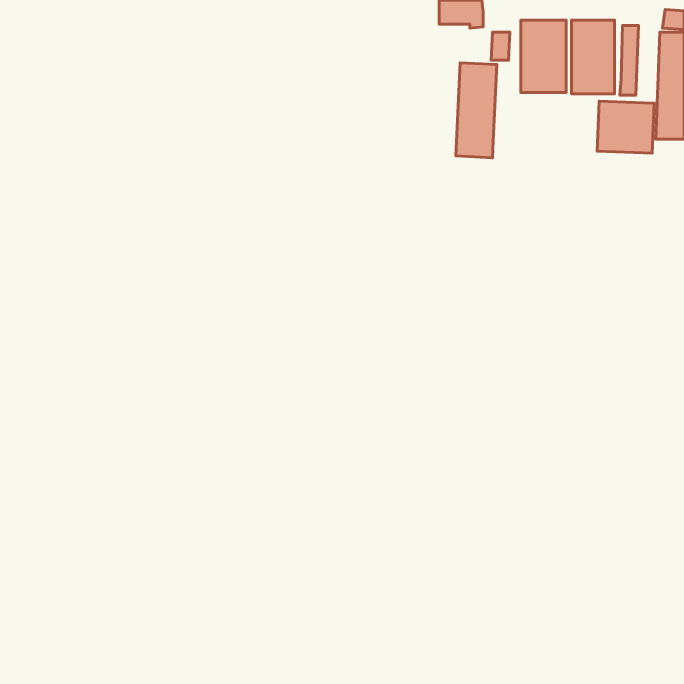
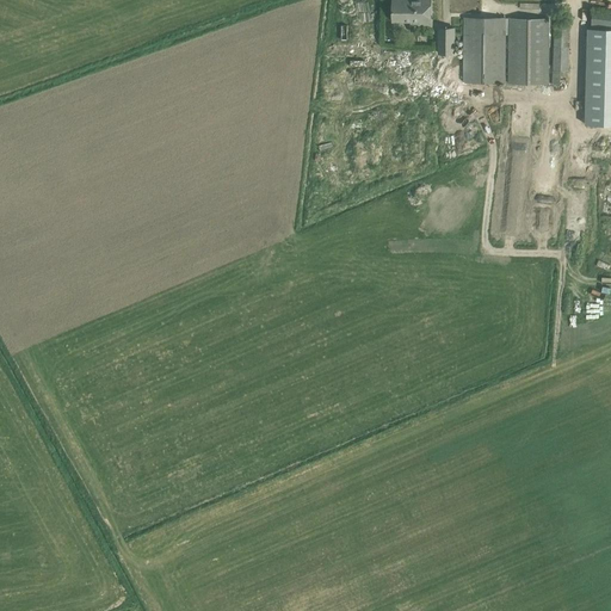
building: [456,63,497,158] -> none
building: [597,101,654,153] -> none

